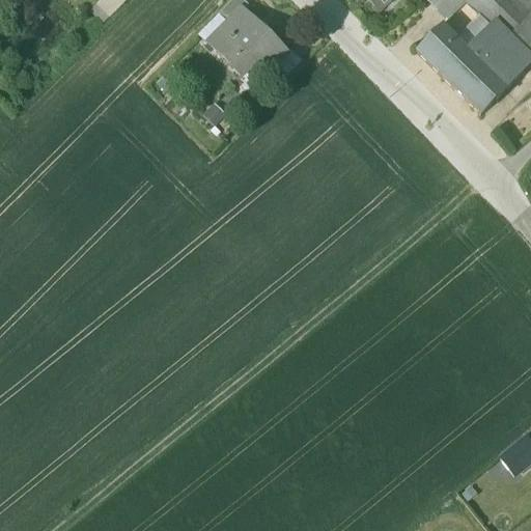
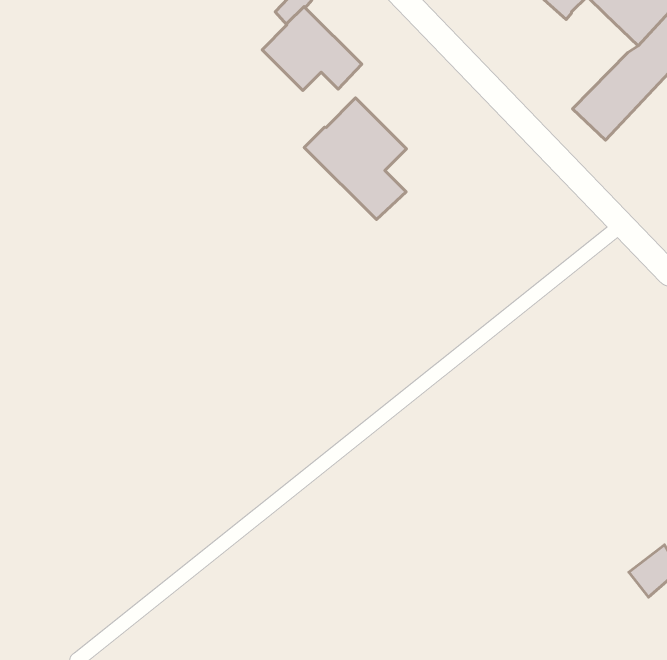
building: [417,11,507,86] -> none
building: none -> [304,98,407,220]

